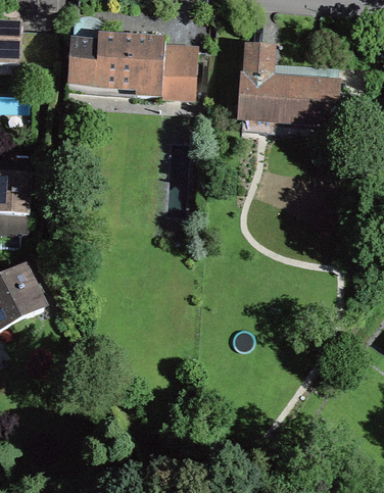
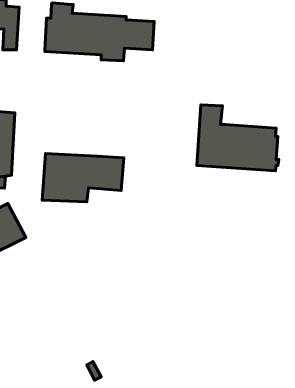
building: [242,46,340,125] -> [197,105,279,171]
building: none -> [42,153,124,202]

